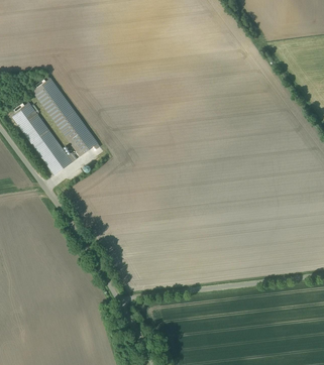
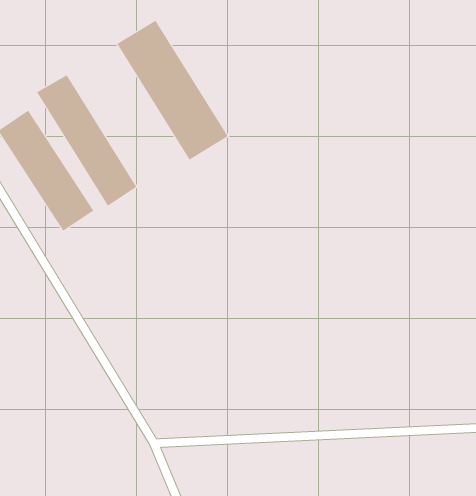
building: none -> [116,20,229,161]

